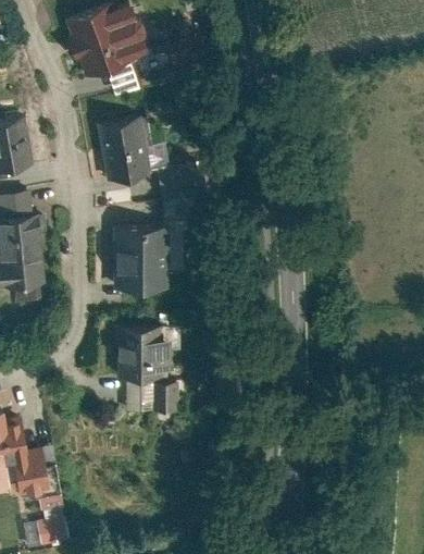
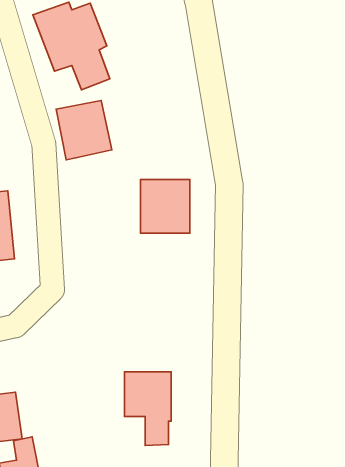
building: [113,231,169,291] -> [140,180,190,233]
building: [120,327,172,409] -> [125,372,171,446]

